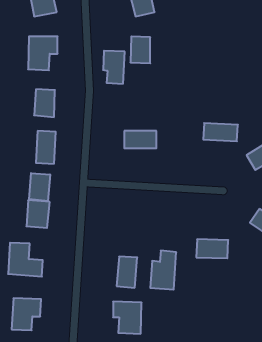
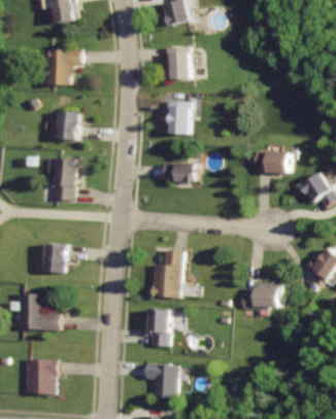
building: [103,51,125,84] -> [163,99,189,138]
building: [29,173,50,201] -> none
building: [150,251,176,290] -> [153,250,183,296]

